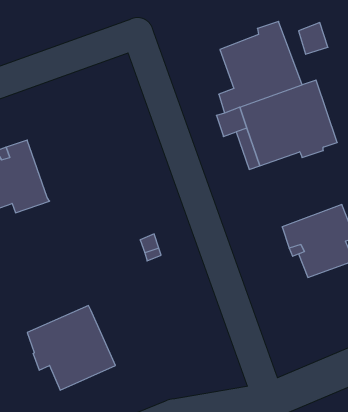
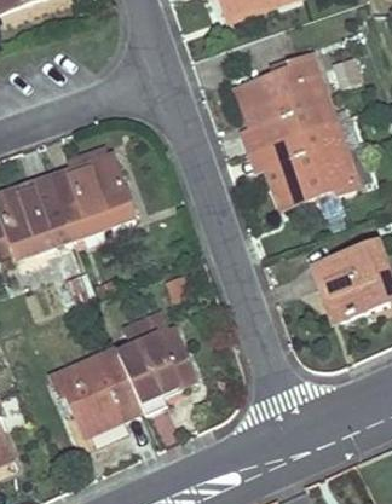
building: none -> [52,157,134,237]
building: none -> [117,314,195,416]

